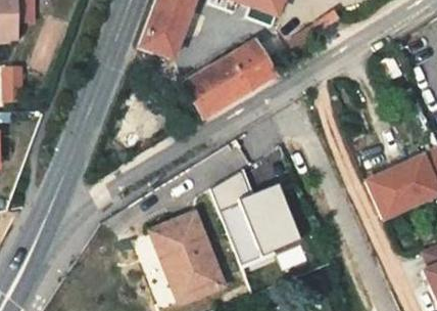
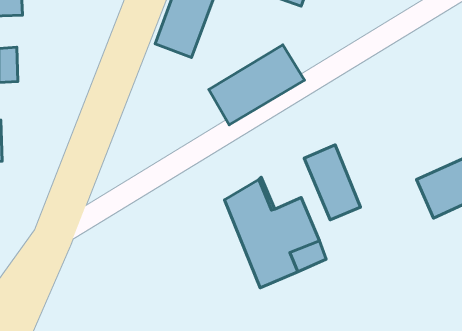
building: none -> [304,145,360,220]
building: [151,216,220,299] -> none

